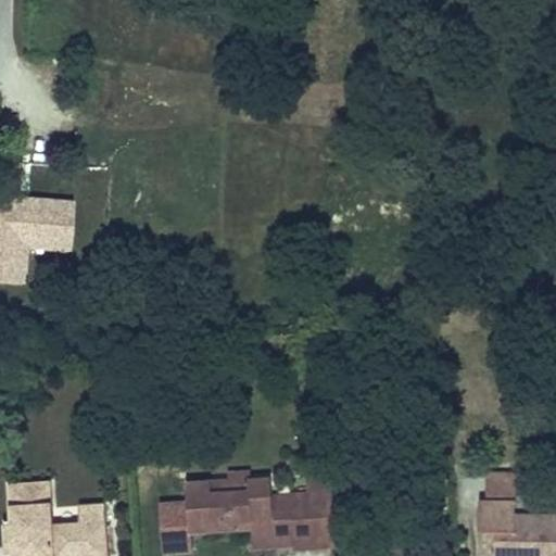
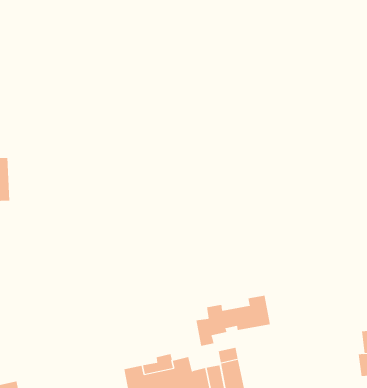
building: none -> [196,295,271,347]

